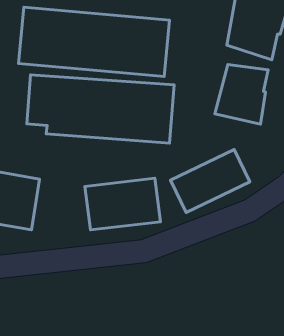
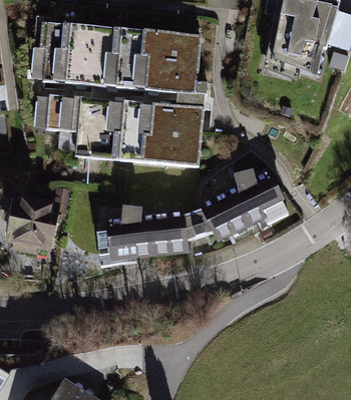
building: [215,65,268,124] -> none

